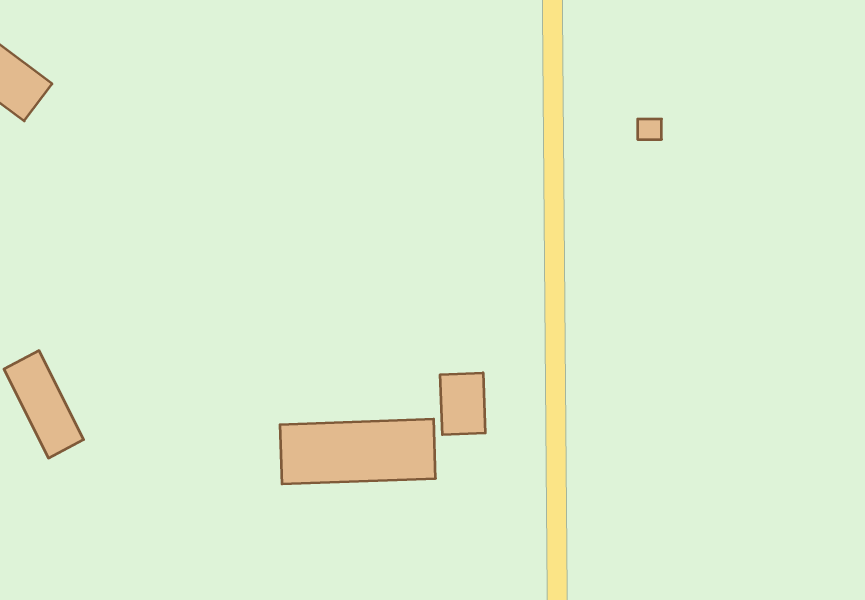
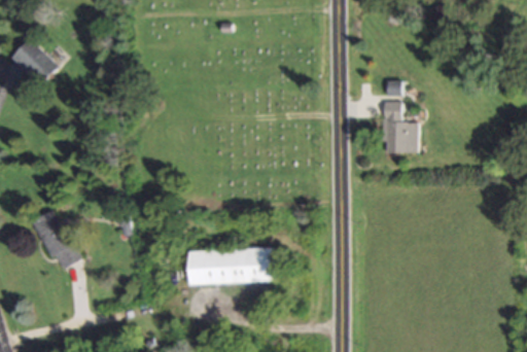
building: none -> [383,101,418,153]
building: [440,373,485,435] -> none

